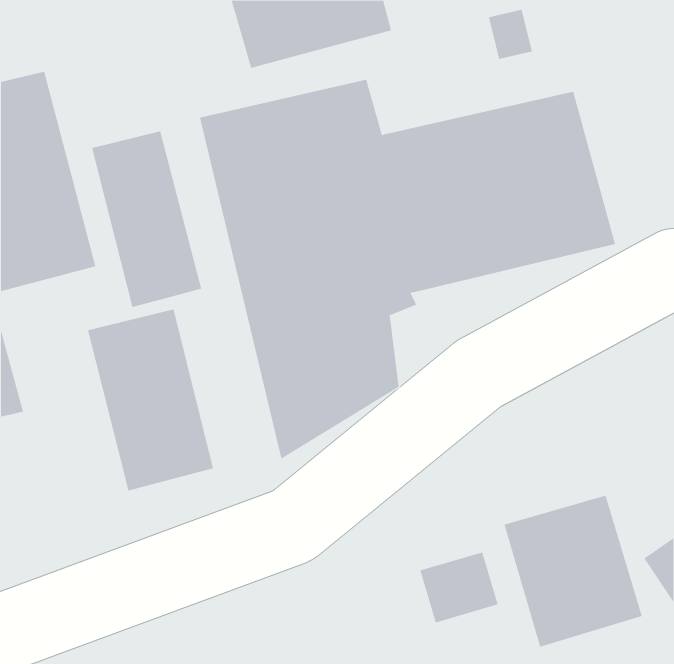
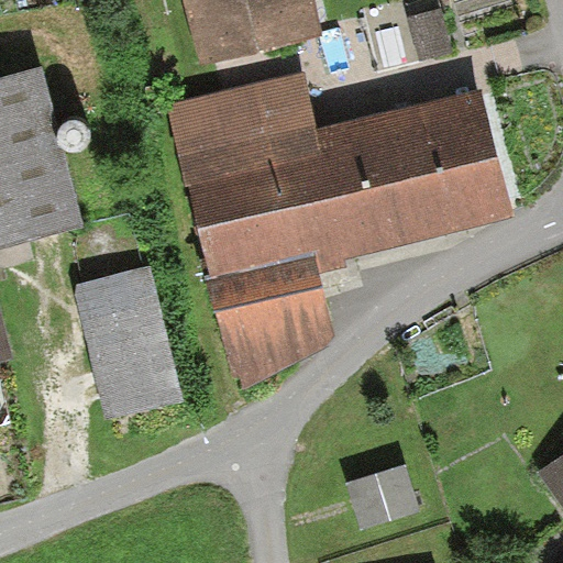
building: [91,130,202,308] -> none
building: [504,495,643,647] -> none

